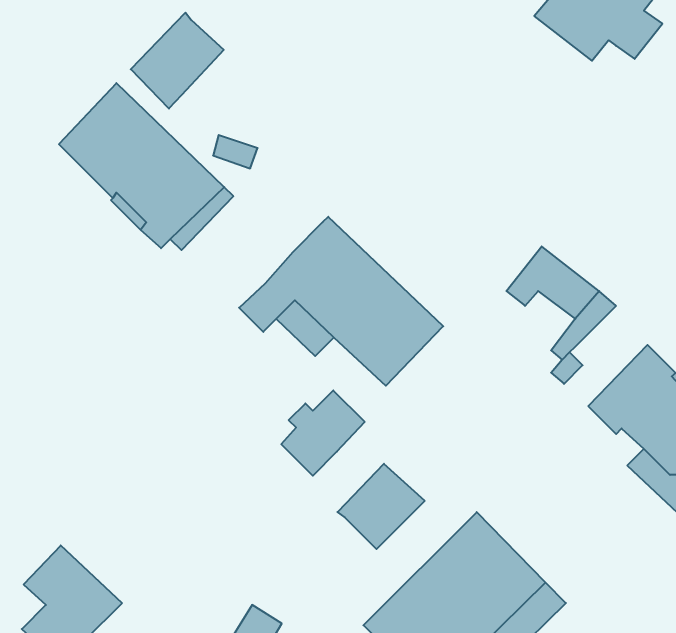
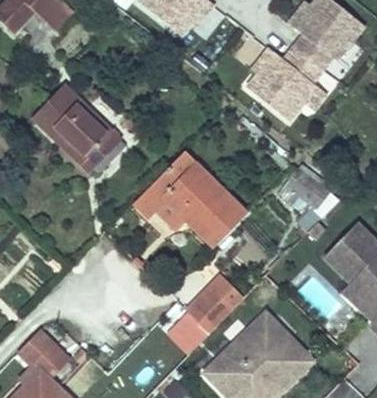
building: [131,13,224,109] -> none
building: none -> [245,45,329,119]
building: [281,390,365,476] -> [164,315,209,361]

